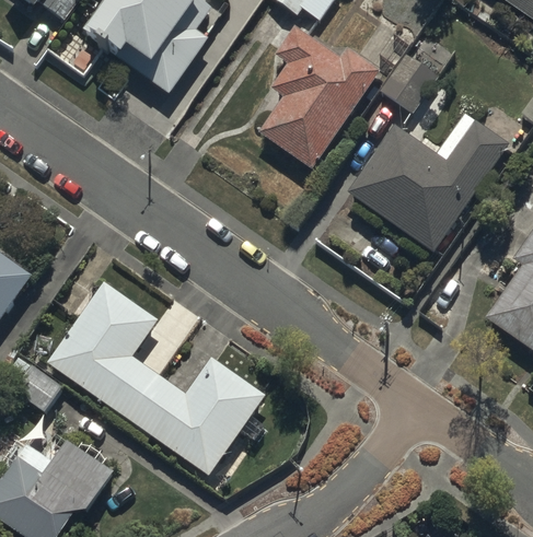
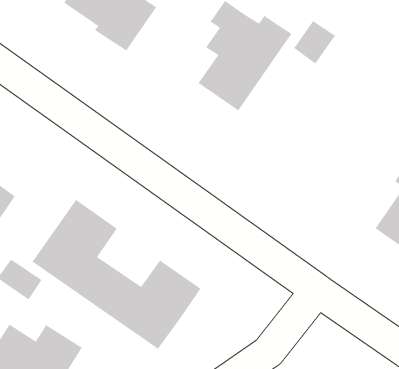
building: [348,119,507,249] -> none

